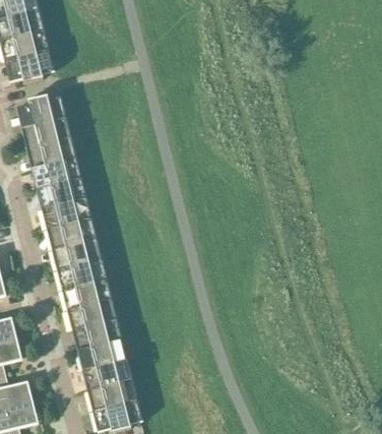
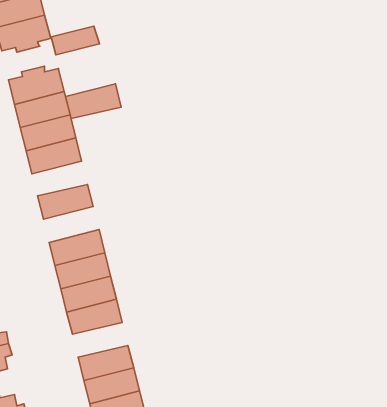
building: none -> [51,26,99,55]
building: [37,177,85,207] -> [66,84,121,119]
building: [47,216,95,248] -> none
building: [72,318,121,349] -> none

